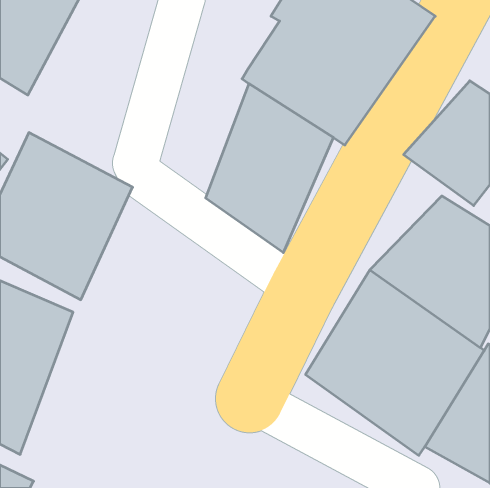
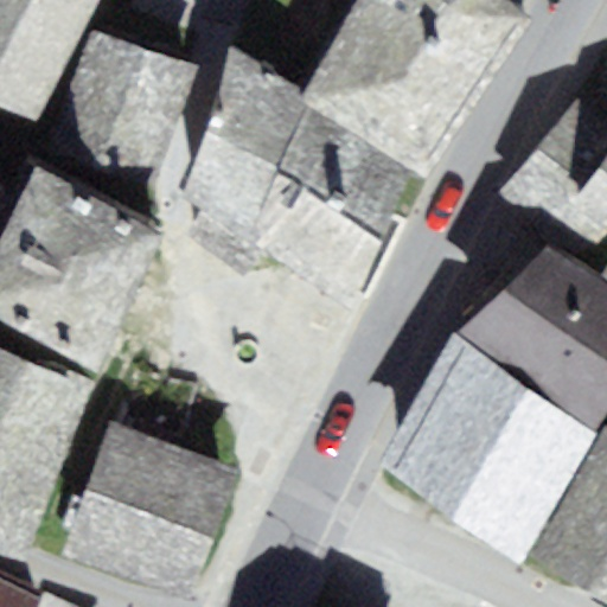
building: none -> [49,28,192,179]
building: none -> [184,46,307,244]
building: none -> [59,418,237,596]

